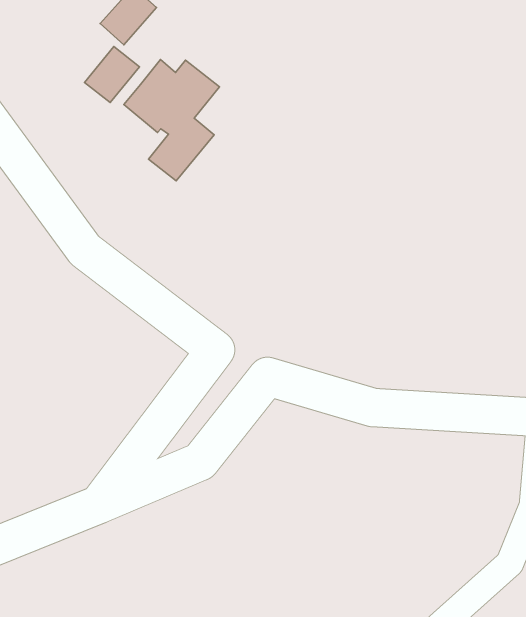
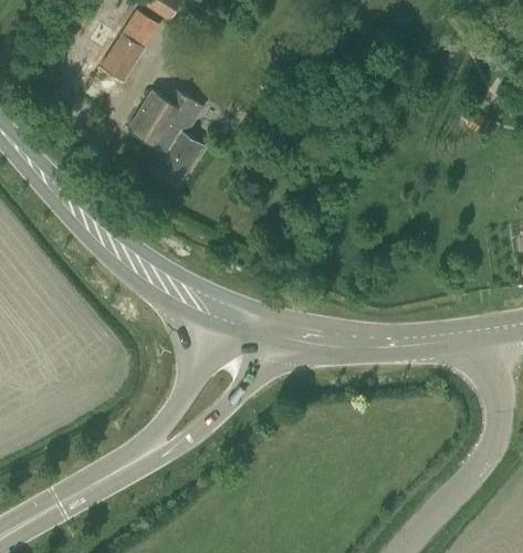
building: [85,46,139,103] -> none

